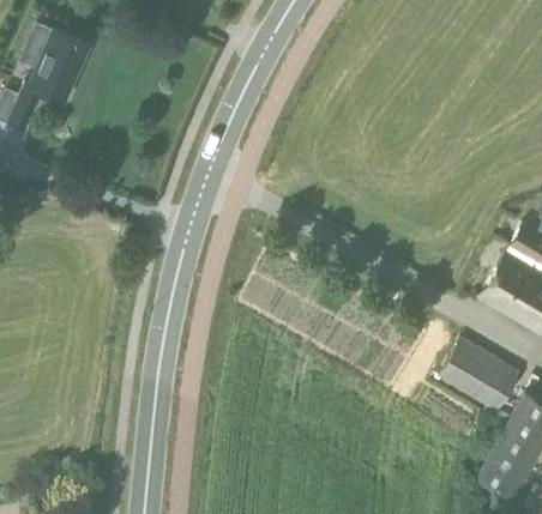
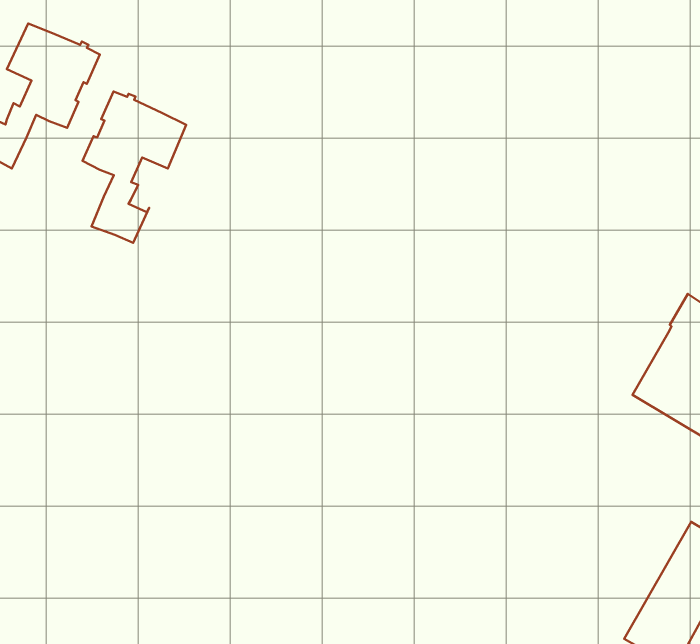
building: none -> [83,91,186,243]
building: [439,335,523,410] -> none

